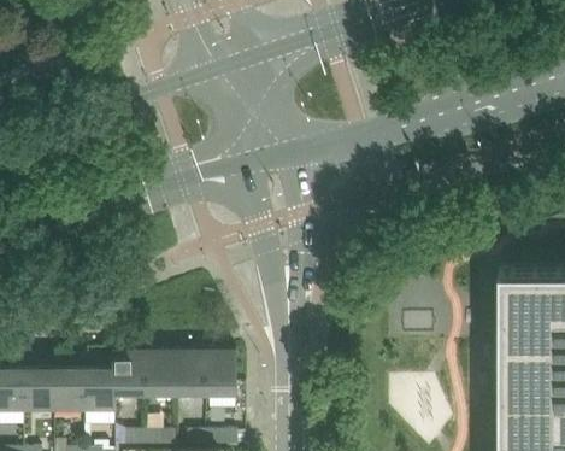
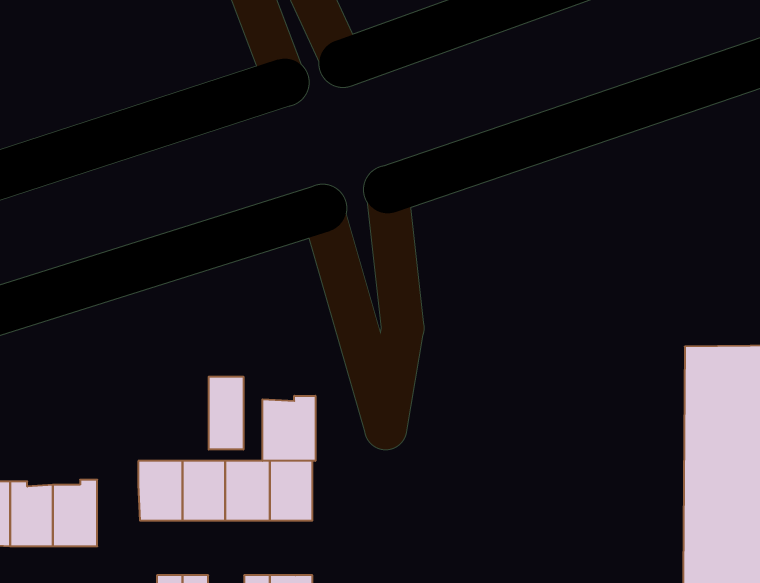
building: none -> [209,377,243,450]
building: none -> [262,396,315,461]
building: [84,365,114,412] -> none

